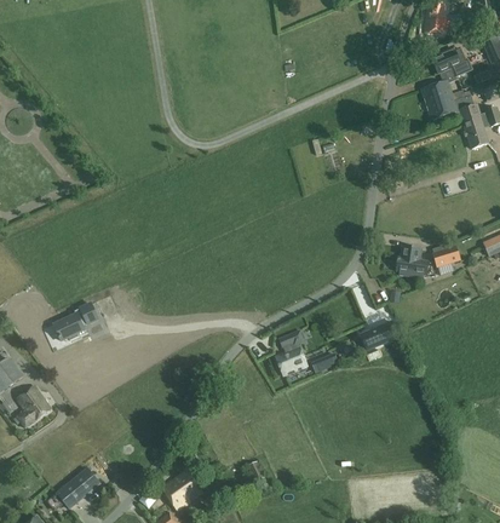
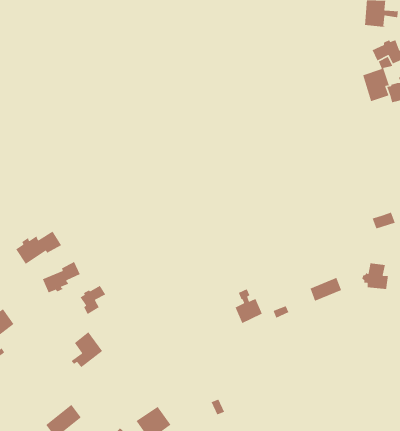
building: [393,246,425,277] -> [362,262,389,290]
building: none -> [15,230,62,265]
building: none -> [80,285,106,315]
building: [13,385,51,427] -> [71,331,103,368]

